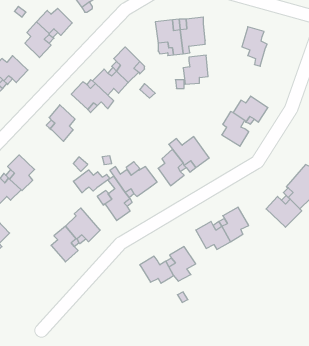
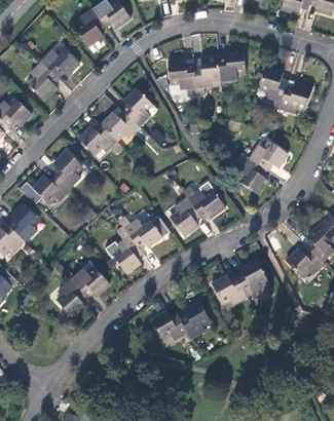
building: none -> [280,83,311,114]
building: [183,55,208,84] -> [219,50,246,81]
building: none -> [33,175,71,203]
building: [73,170,110,193] -> none

